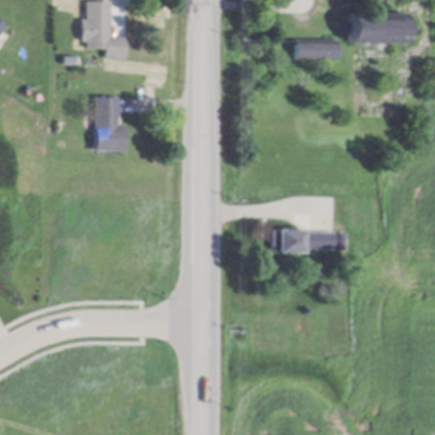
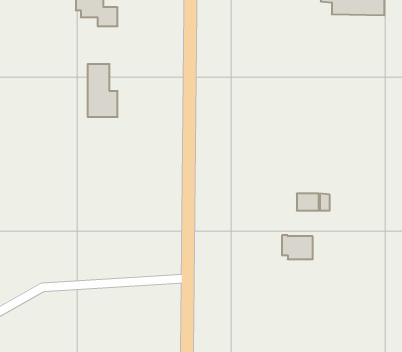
building: [295,38,338,59] -> none
building: [273,230,306,255] -> [282,235,313,259]

